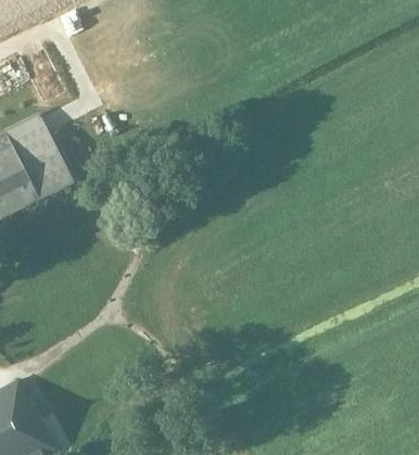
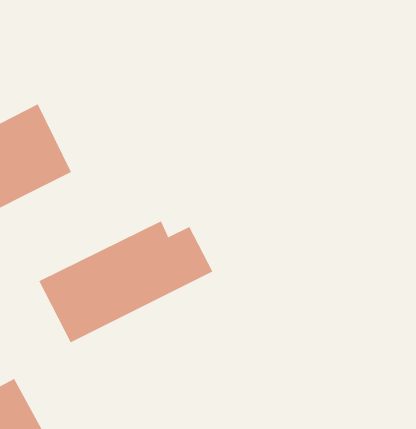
building: none -> [39,221,213,343]

